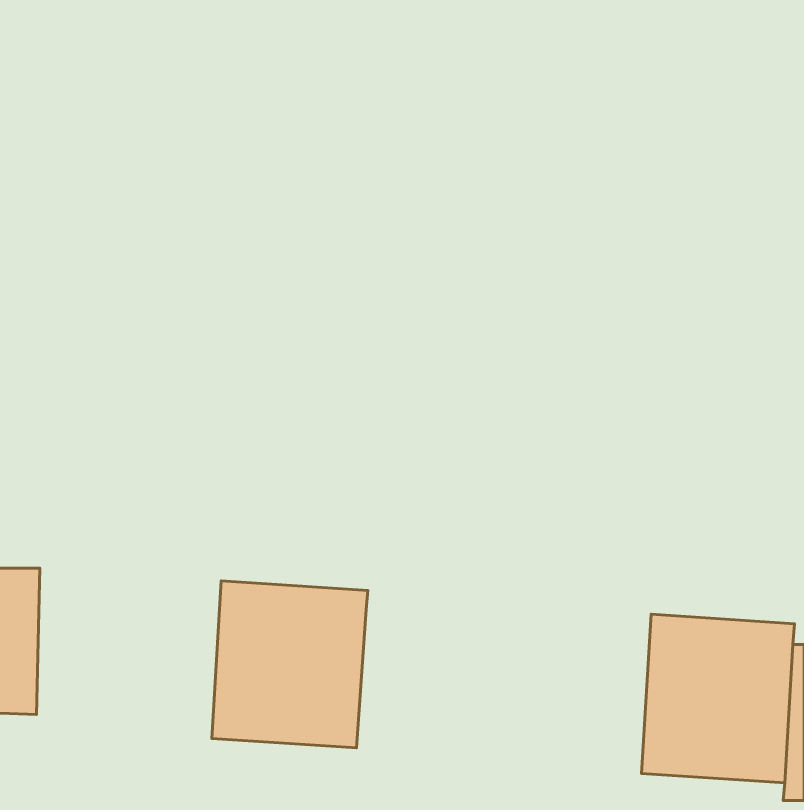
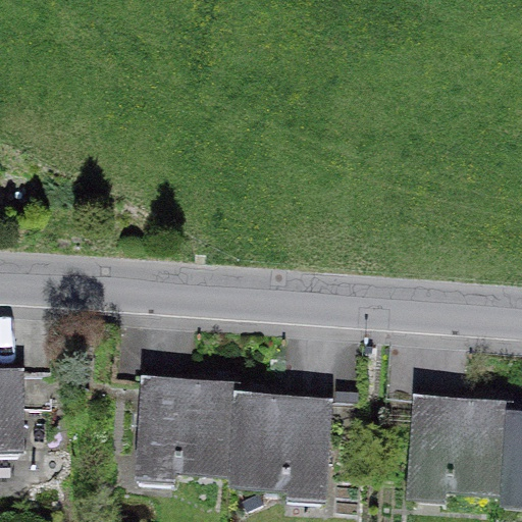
building: none -> [228,393,331,498]

